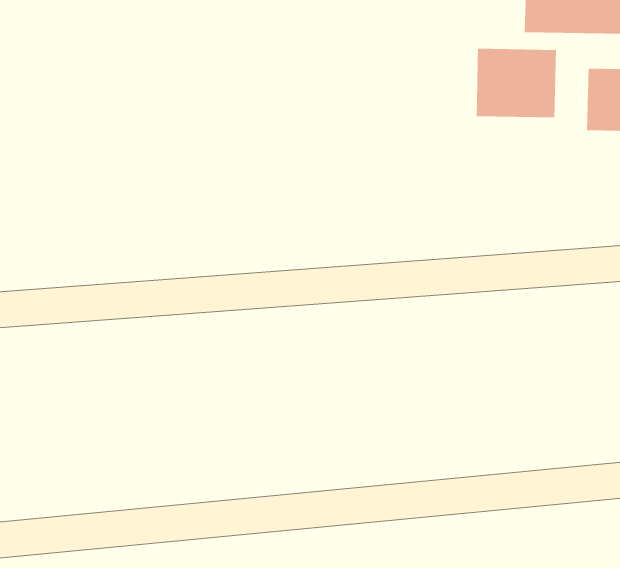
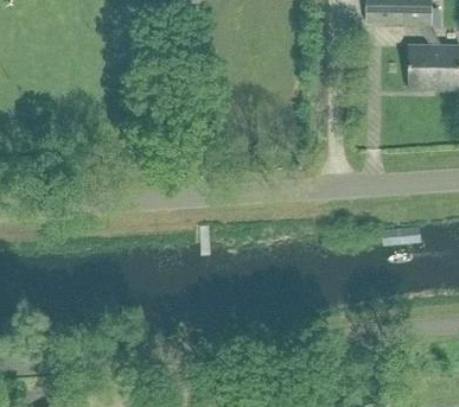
building: [476,48,556,118] -> none

